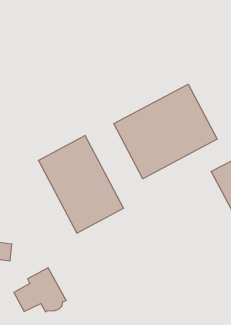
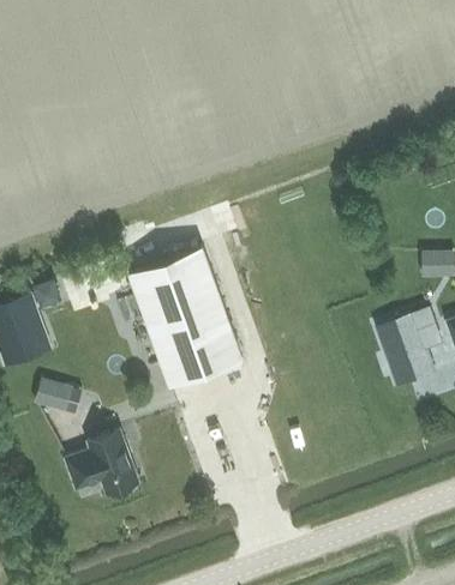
building: [114,84,217,179] -> none

